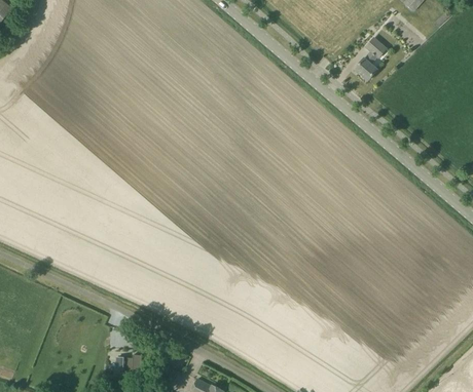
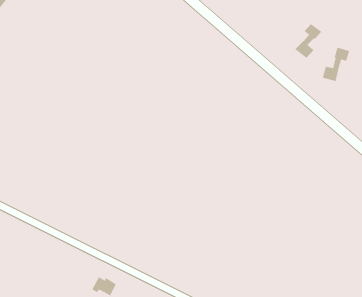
building: none -> [322,47,350,82]

